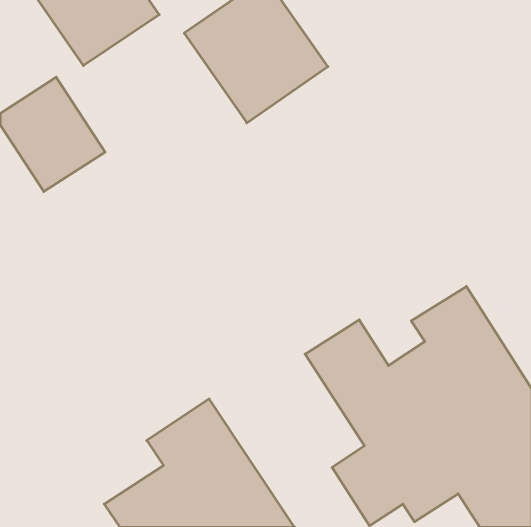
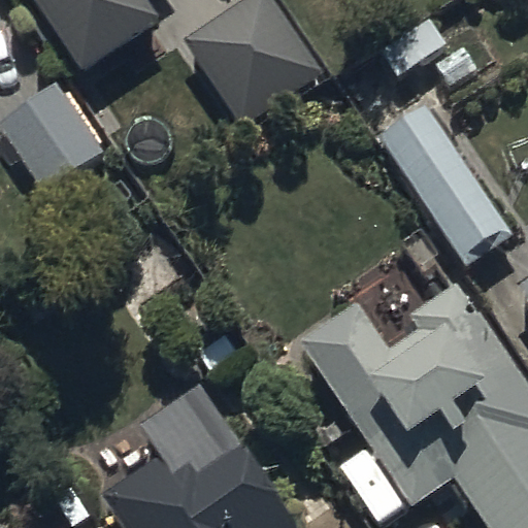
building: none -> [378,110,514,271]

